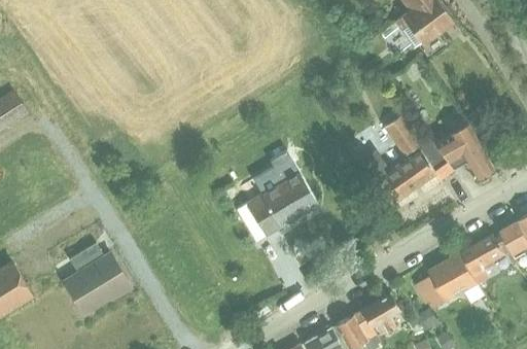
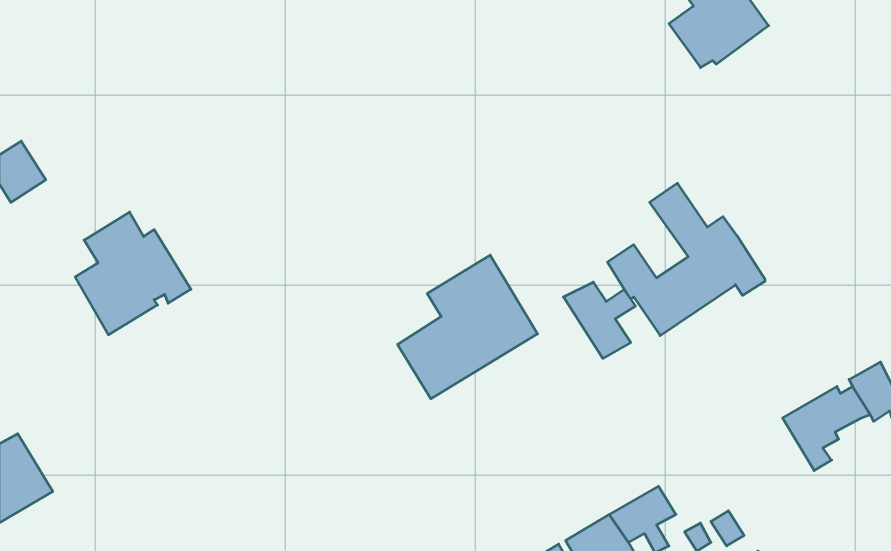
building: [435,125,494,184] -> none
building: none -> [563,282,635,358]
building: [65,243,133,315] -> [75,212,191,335]
building: [417,253,487,308] -> none

